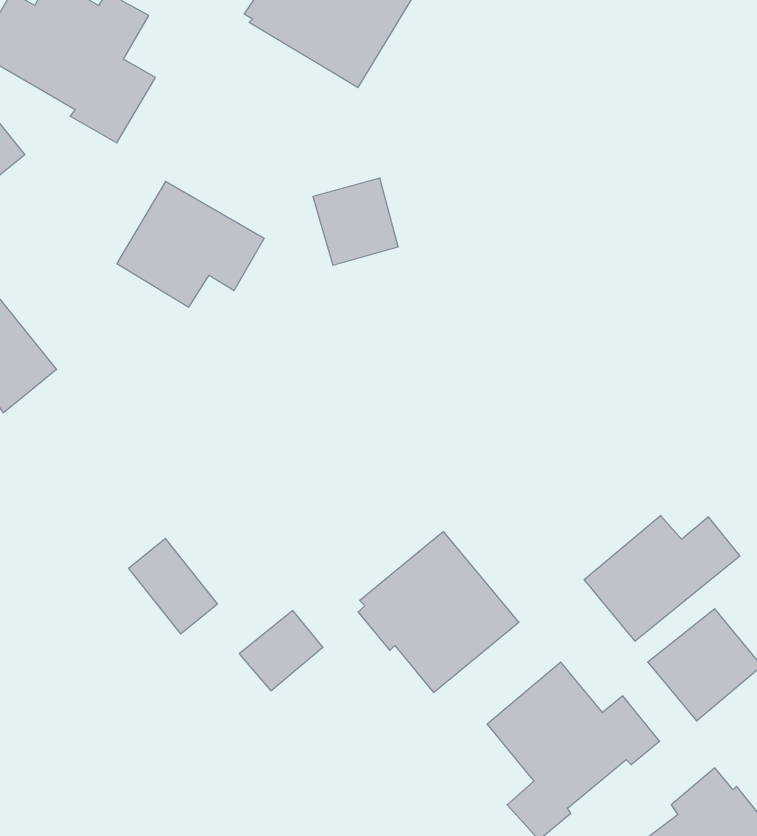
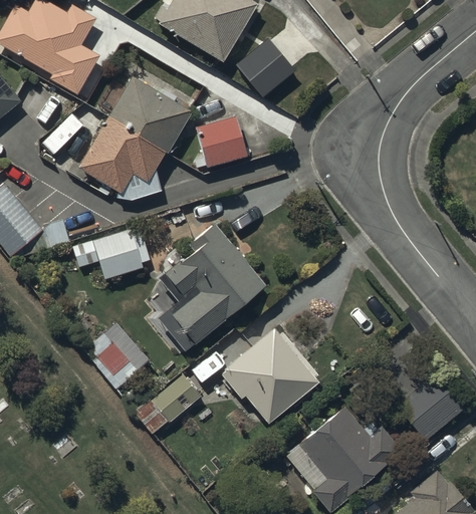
building: none -> [236,39,296,98]
building: none -> [107,76,193,154]
building: none -> [160,223,266,343]
building: none -> [93,230,144,280]
building: [584,515,740,641] -> none

